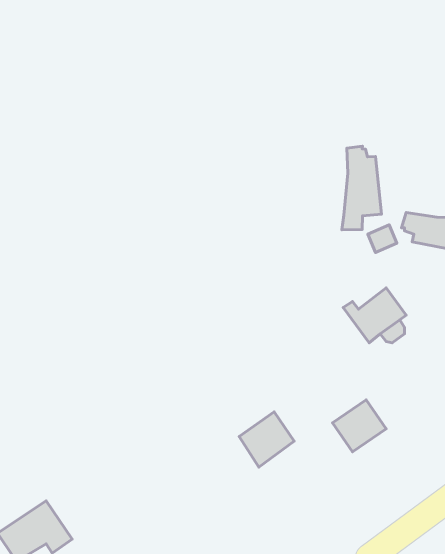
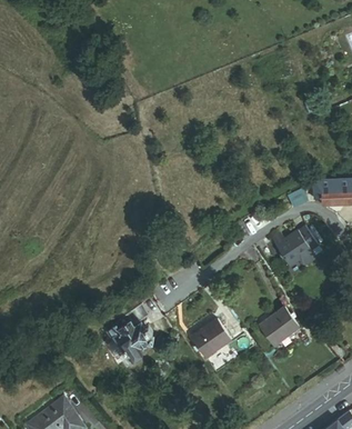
building: [342,146,382,230] -> none
building: none -> [107,305,152,356]

